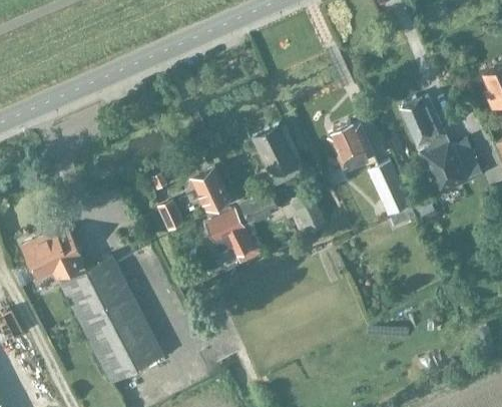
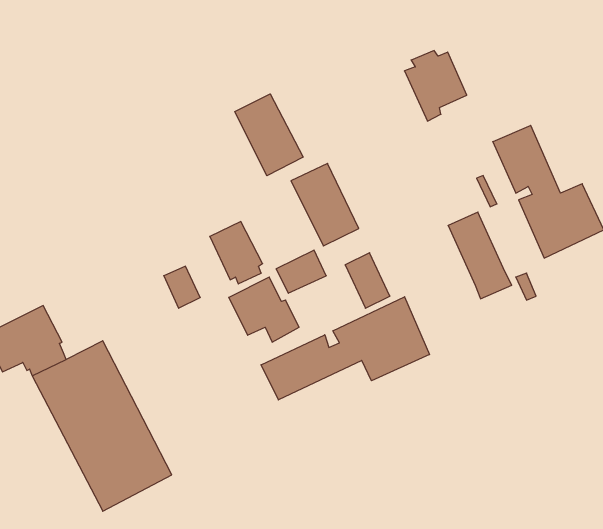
building: none -> [235,94,303,176]
building: [328,122,374,174] -> [404,51,467,121]
building: none -> [261,297,429,400]

